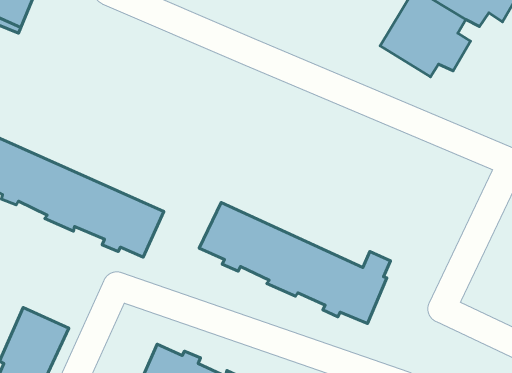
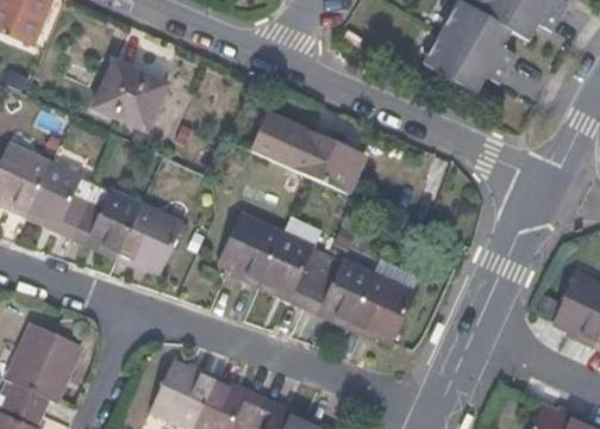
building: none -> [93,56,165,128]
building: none -> [249,110,362,192]

